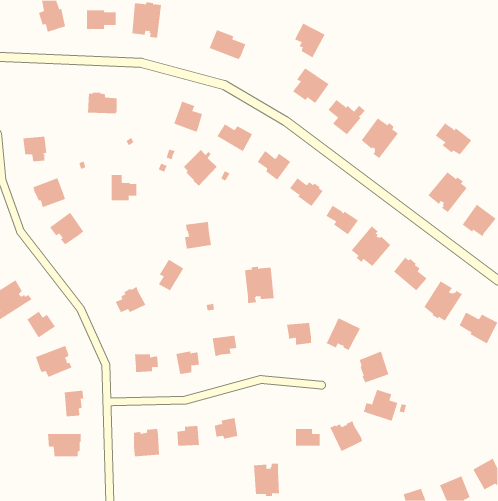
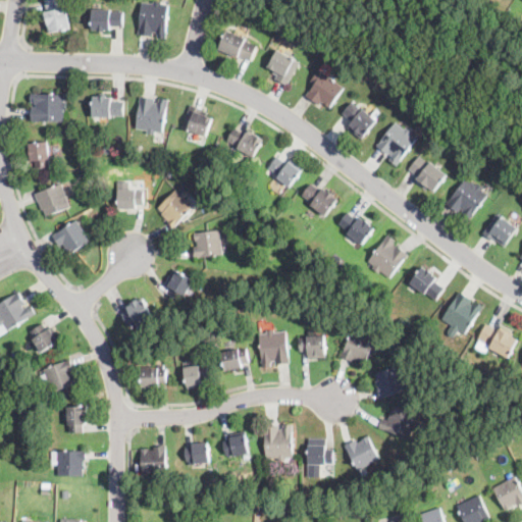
building: [294,23,325,58] -> [266,50,299,87]
building: none -> [29,94,64,122]
building: none -> [134,96,166,135]
building: [435,123,472,155] -> [407,157,446,191]
building: [183,149,217,187] -> [156,189,192,227]
building: [244,266,274,304] -> [257,330,289,369]
building: [253,463,280,497] -> [263,425,291,460]

